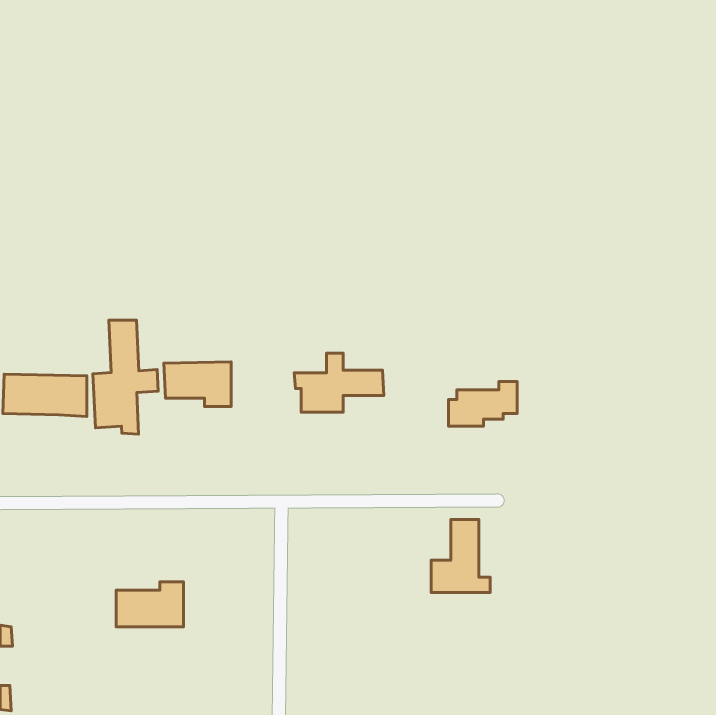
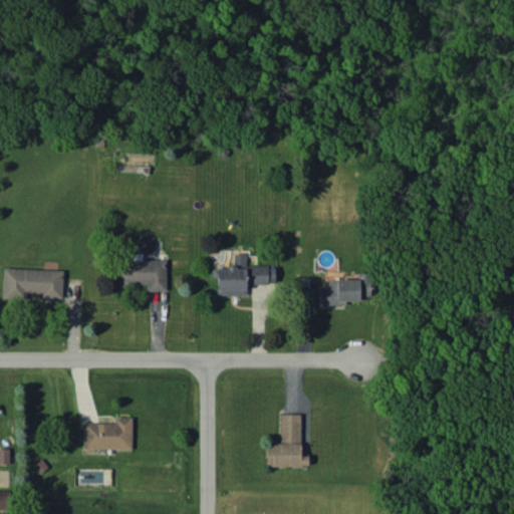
building: [93,320,158,434] -> none
building: [431,520,490,592] -> [266,415,308,467]

